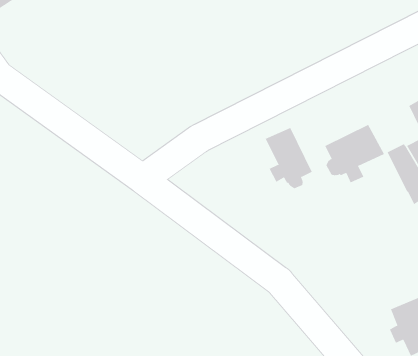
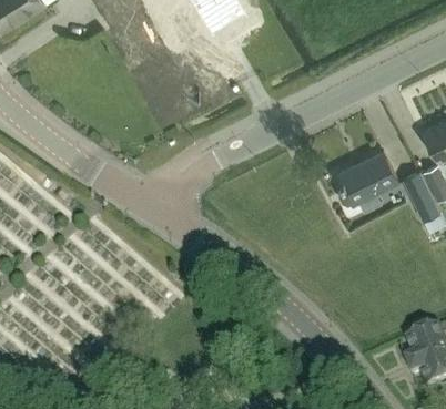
building: [265,127,313,189] -> none

